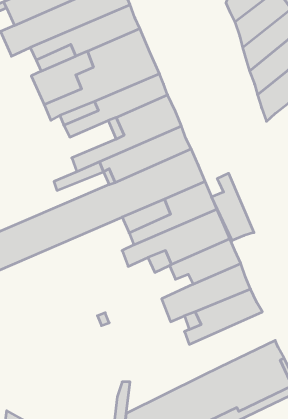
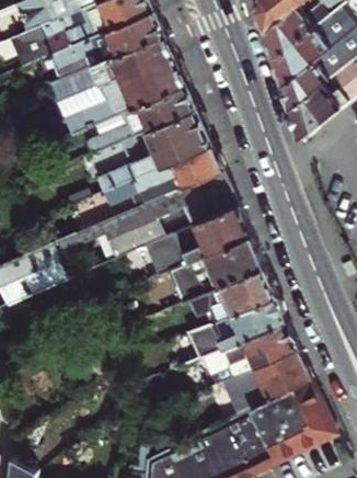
building: [212,173,254,241] -> none
building: none -> [215,351,312,422]

